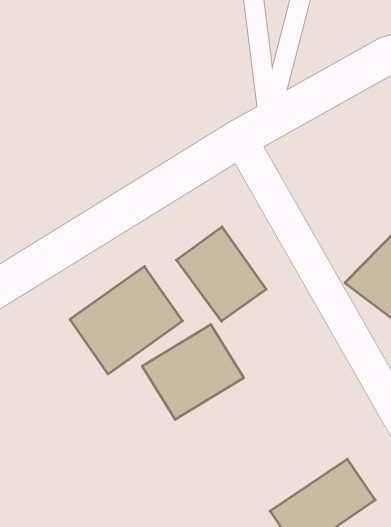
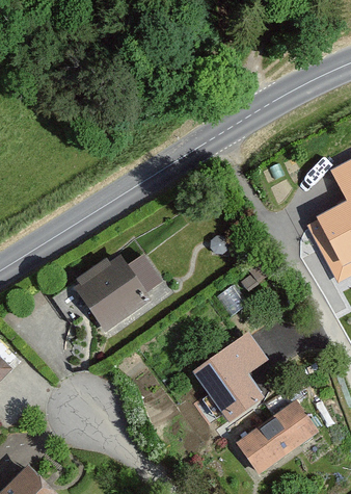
building: [176,227,266,321] -> none
building: [142,324,244,420] -> [194,341,277,419]

